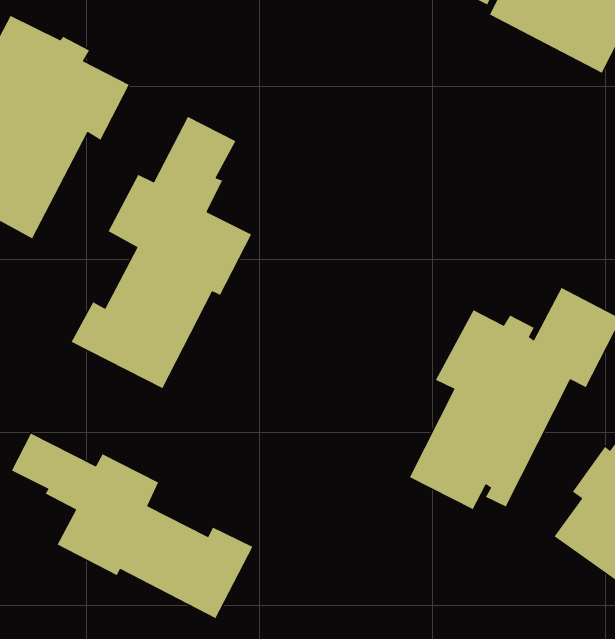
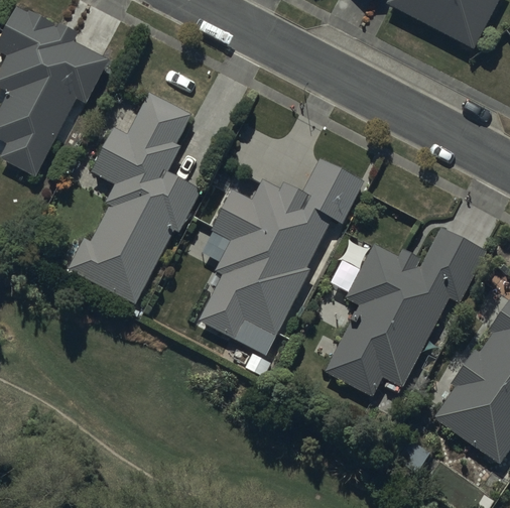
building: none -> [198,155,366,340]
building: [11,432,253,619] -> none

